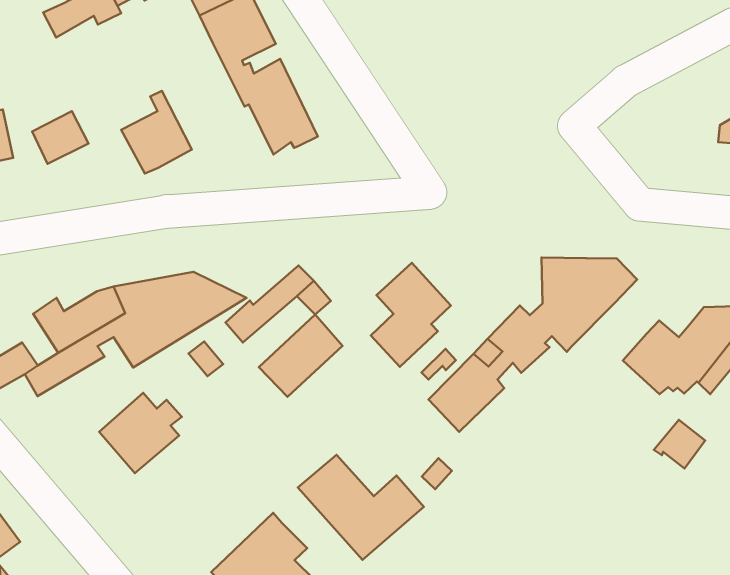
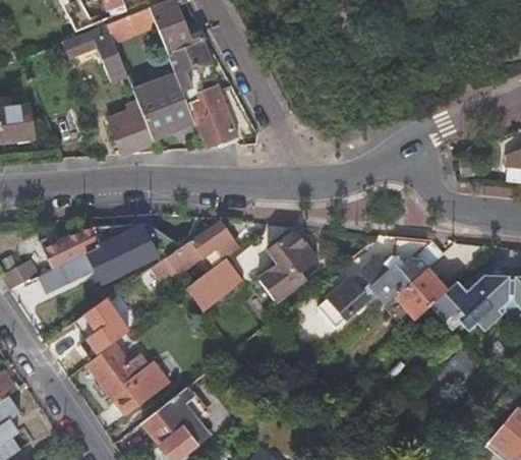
building: none -> [132,71,194,140]
building: none -> [391,268,445,320]
building: [298,455,424,560] -> [86,344,169,415]

